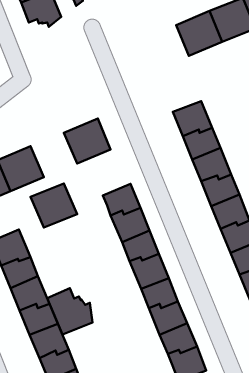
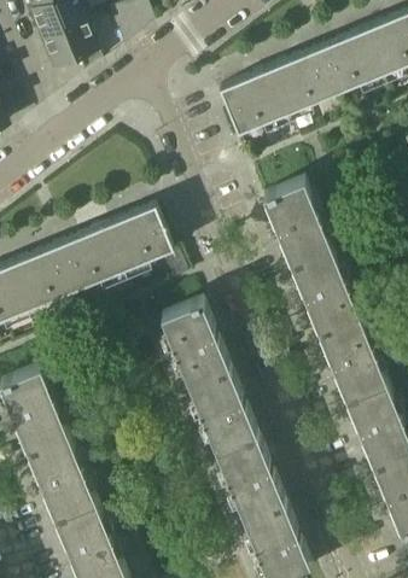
building: none -> [216,71,284,135]
building: [31,183,77,228] -> [54,227,122,291]
building: [47,288,92,335] -> none

